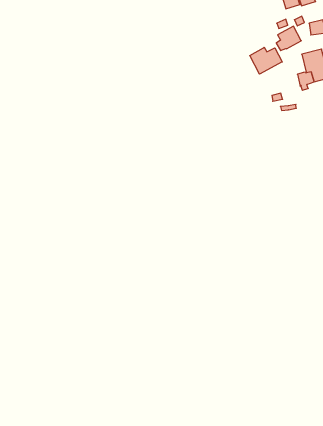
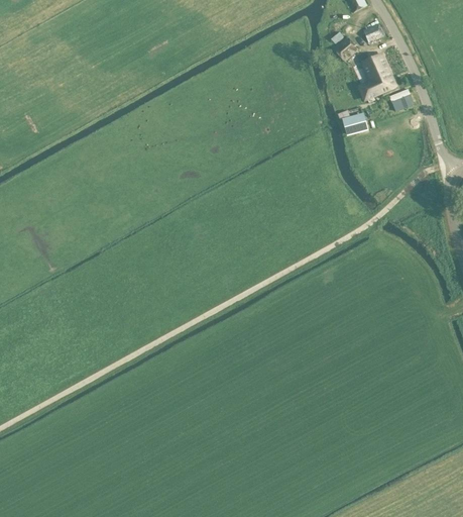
building: [250,47,282,74] -> none

